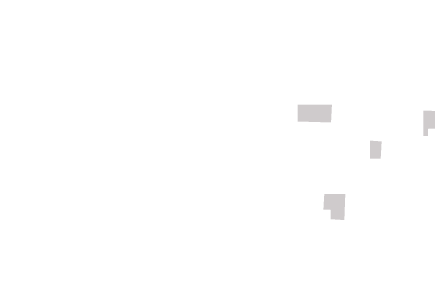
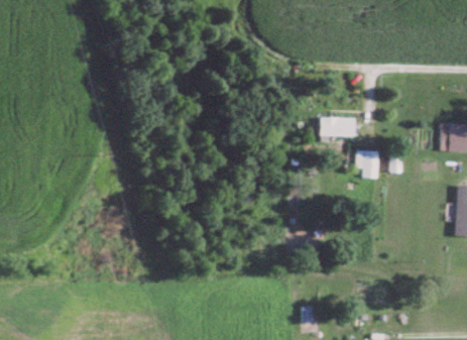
building: [323,193,346,221] -> [354,151,377,179]

